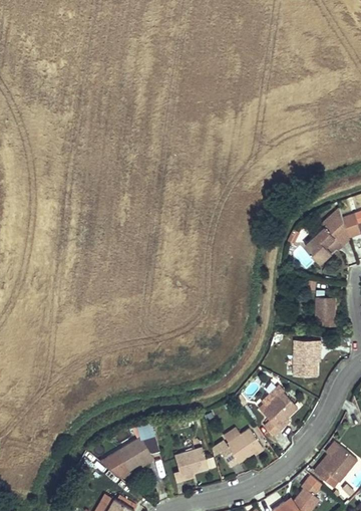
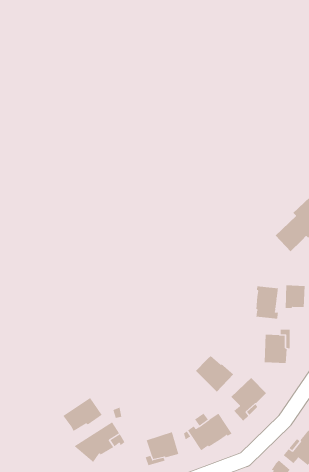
building: none -> [256,286,279,320]
building: none -> [195,355,234,393]
building: none -> [62,397,102,432]

